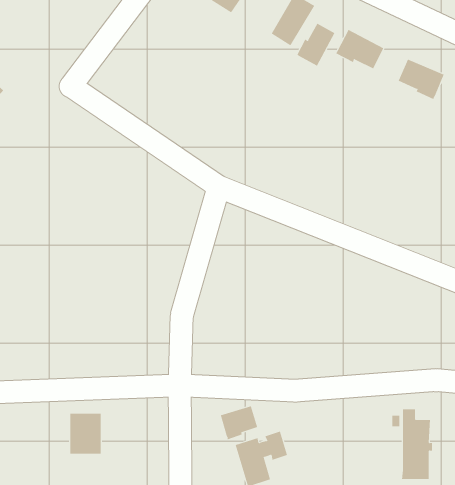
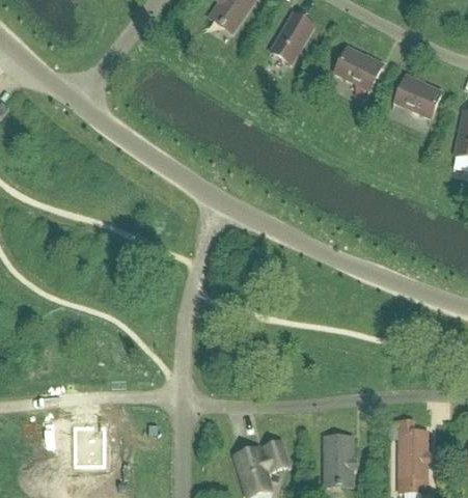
building: [296,23,335,66] -> none
building: [220,405,258,440] -> none
building: none -> [325,435,356,485]

